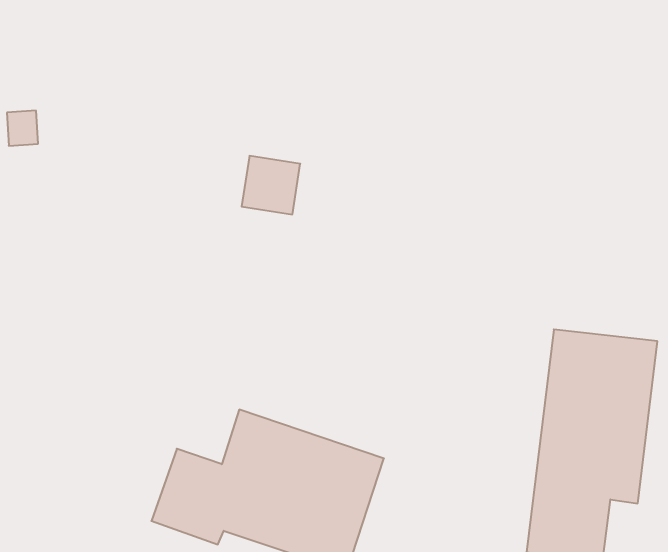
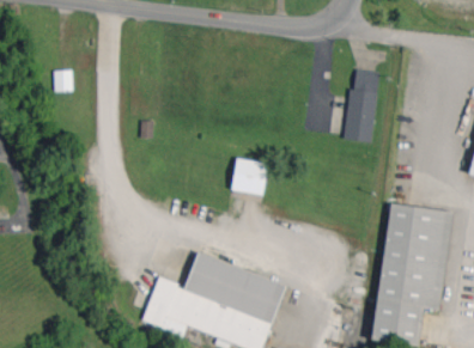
building: none -> [346,68,379,142]
building: [242,156,300,214] -> [232,158,268,194]

